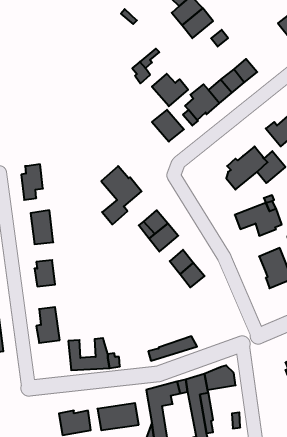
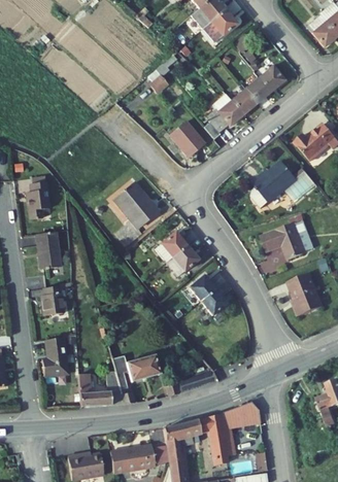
building: [152,74,188,106] -> none
building: none -> [113,355,160,382]

